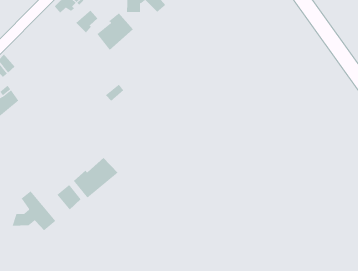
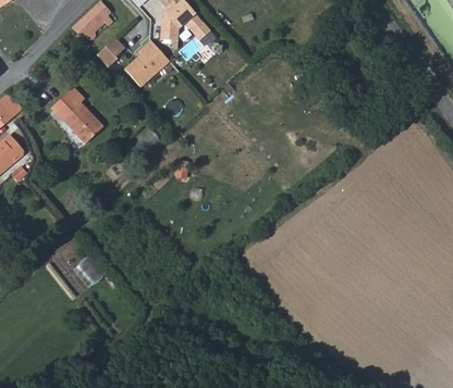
building: none -> [54,87,106,143]
building: [73,157,118,198] -> none
building: [12,190,56,231] -> none

